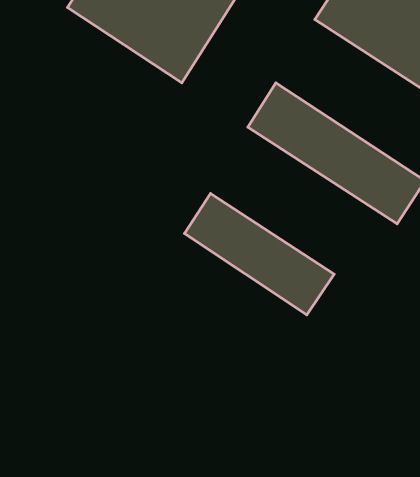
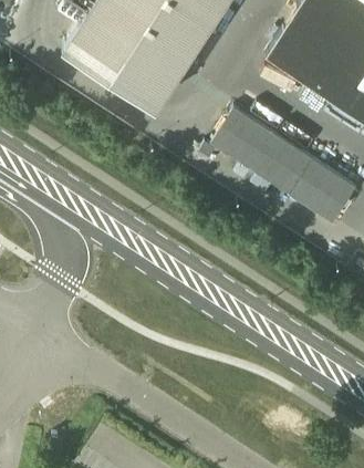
building: [184,193,334,315] -> none

